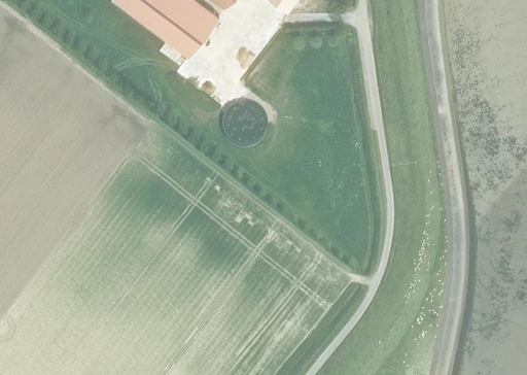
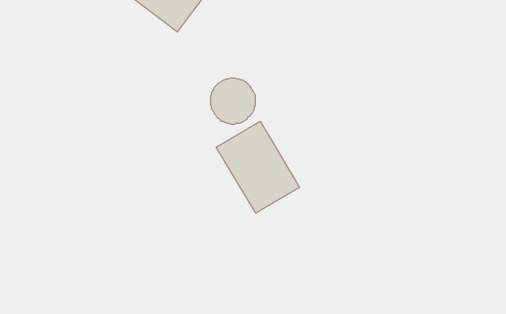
building: none -> [216,121,300,213]

